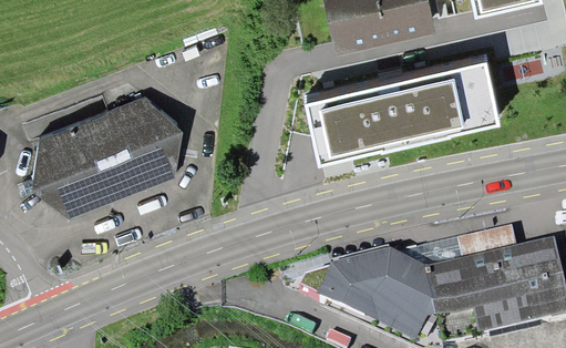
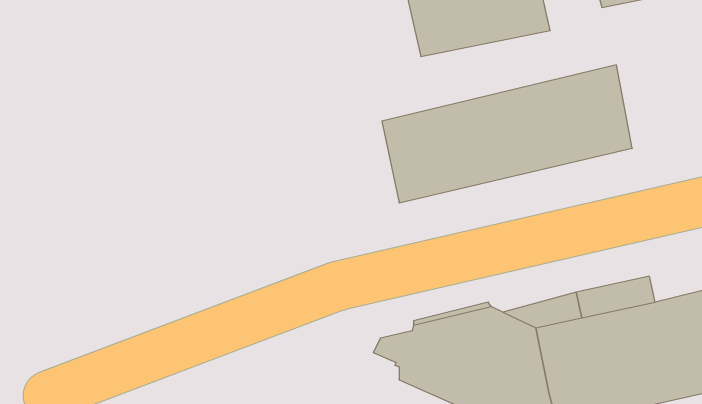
building: [31,96,182,219] -> none

